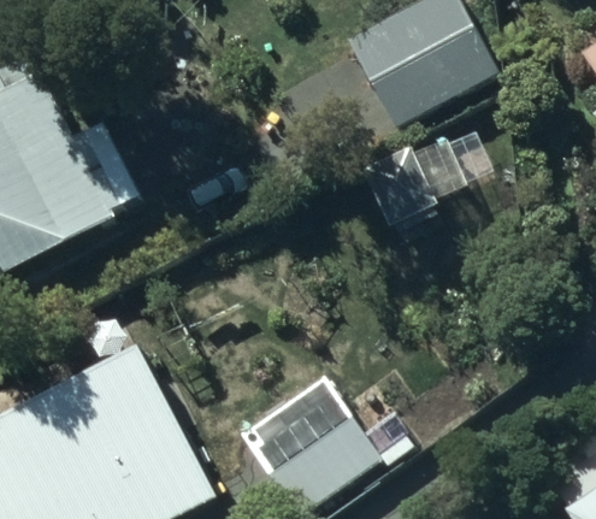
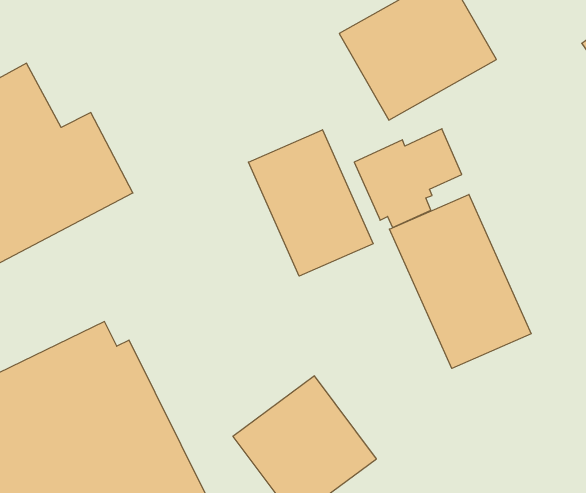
building: none -> [248,130,373,276]
building: none -> [389,194,531,368]

